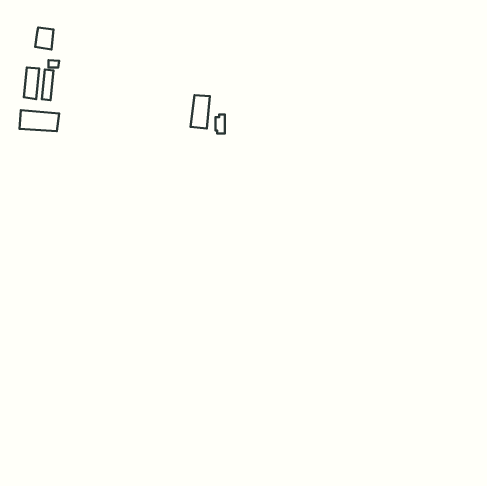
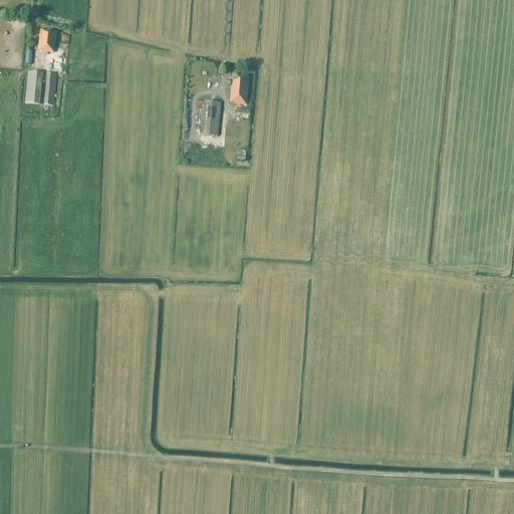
building: none -> [227,74,249,104]
building: [20,110,59,131] -> none

